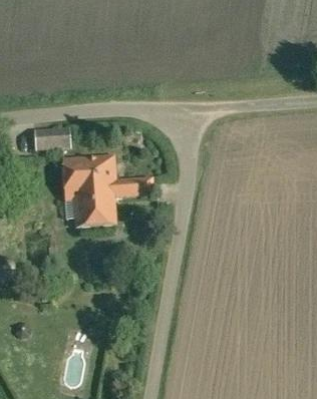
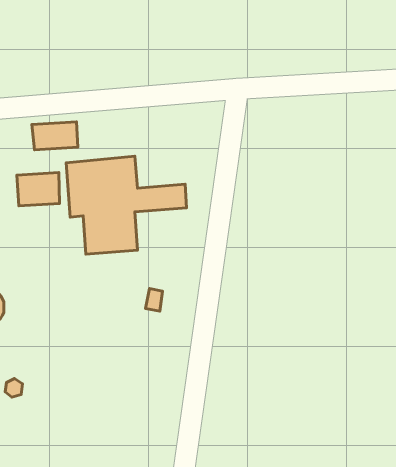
building: none -> [17,173,60,206]

